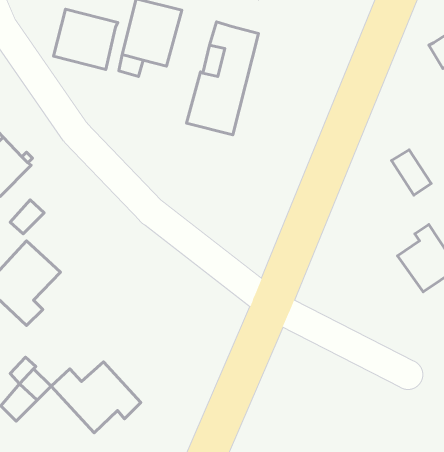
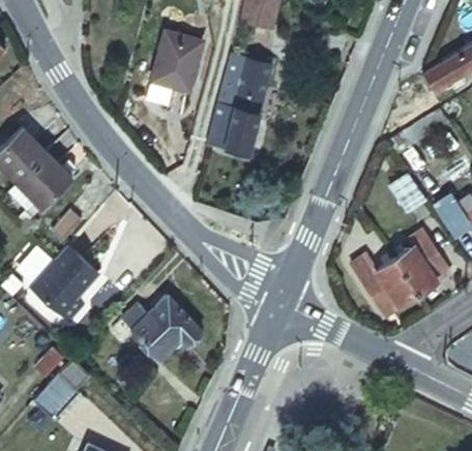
building: [54,9,118,70] -> none
building: none -> [353,255,418,313]
building: [51,362,141,433] -> [120,294,200,357]

